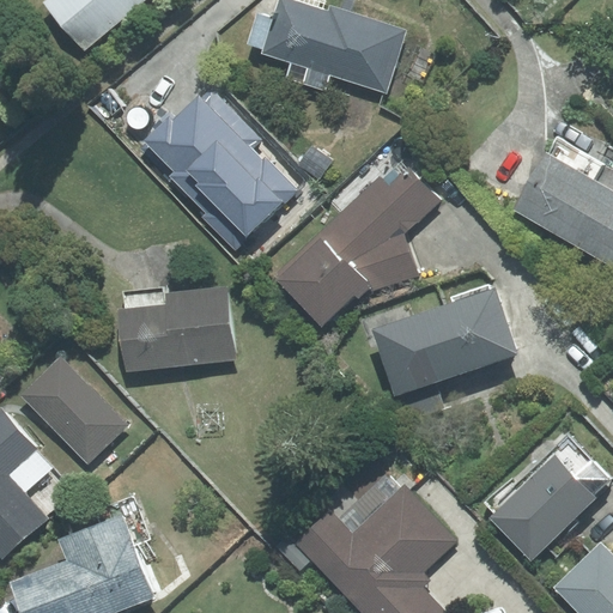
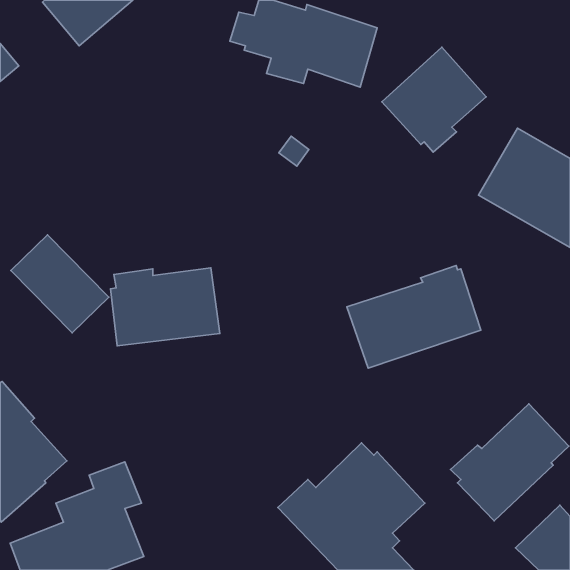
building: none -> [382,47,486,152]
building: [145,85,297,249] -> none
building: [272,157,441,328] -> none
building: [22,358,127,463] -> [11,235,109,333]

